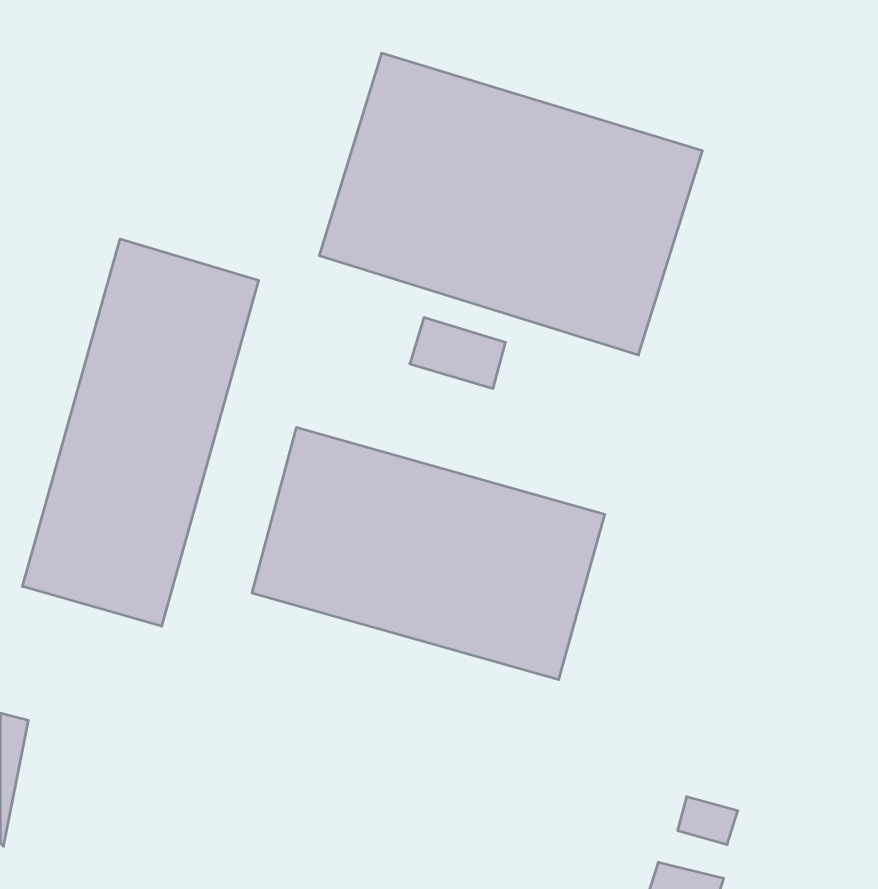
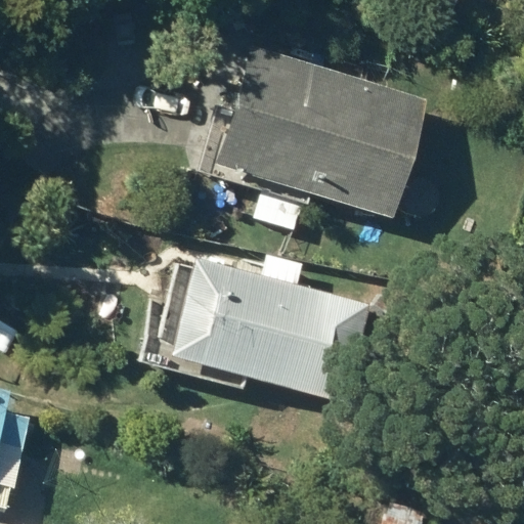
building: [22,239,259,626] -> none

